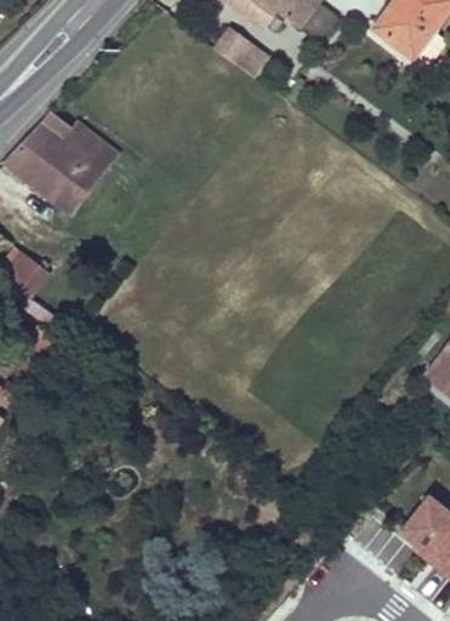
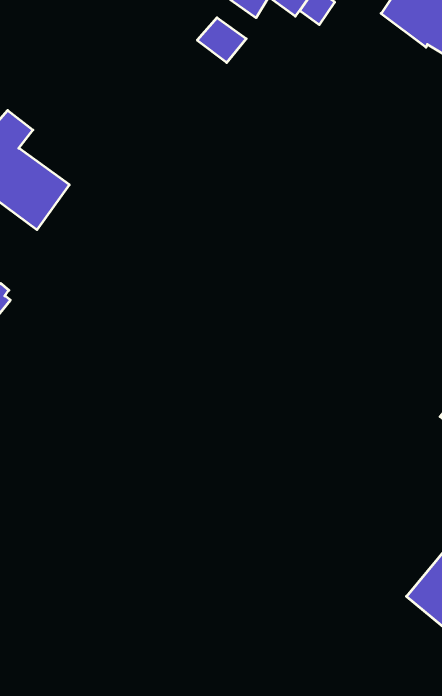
building: [61,123,119,173] -> none

